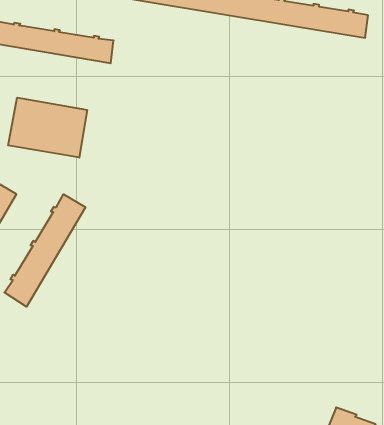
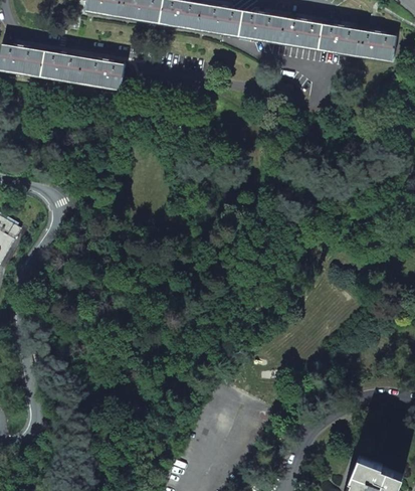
building: [8,98,87,158] -> none
building: [4,194,85,307] -> none

